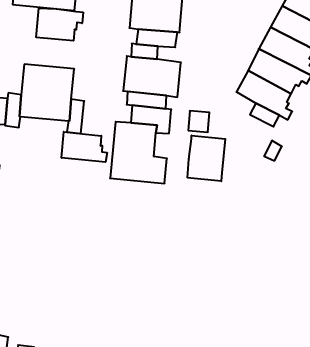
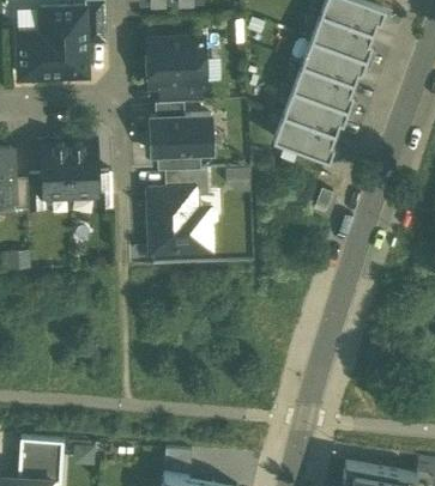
building: [36,8,83,41] -> none
building: [62,132,107,162] -> none
building: [188,135,225,181] -> none

